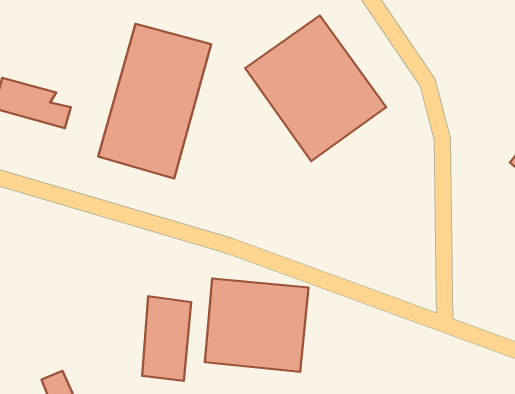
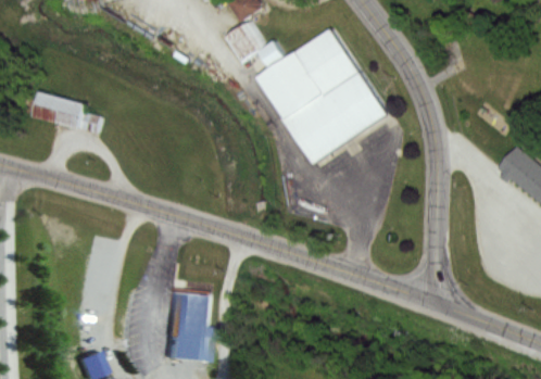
building: [98,24,211,178] -> none
building: [205,279,308,372] -> none

